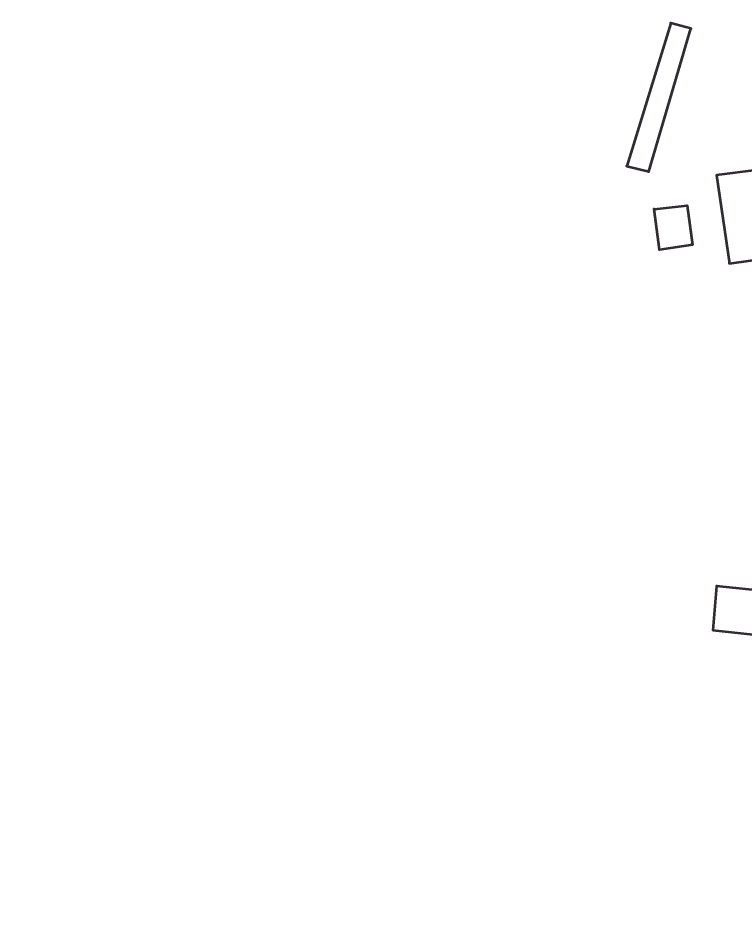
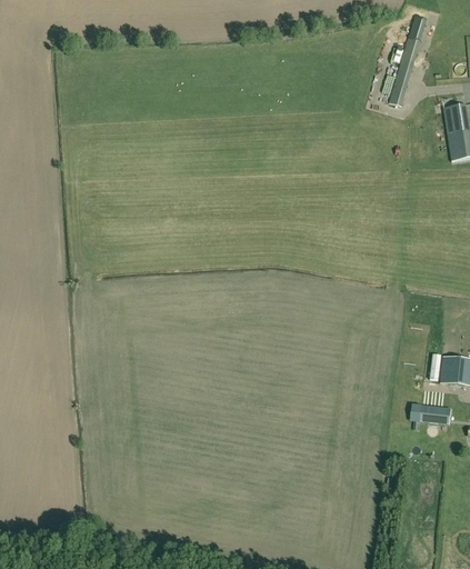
building: [654,206,692,250] -> none
building: none -> [420,403,450,423]

